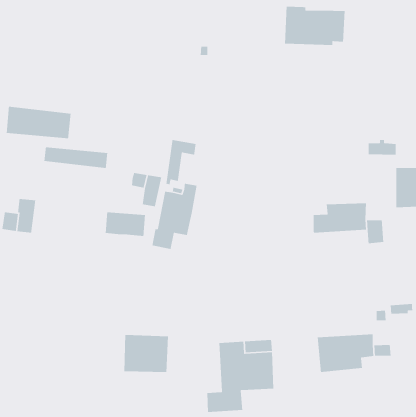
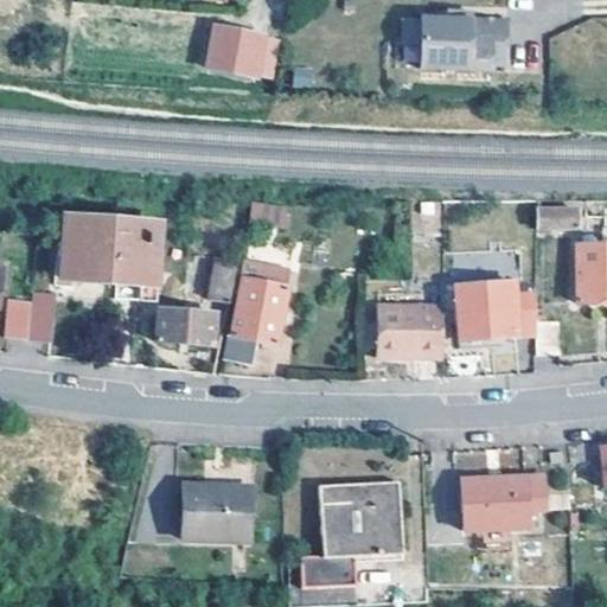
building: none -> [209,25,263,75]
building: [6,106,71,139] -> [63,234,158,282]
building: none -> [376,301,443,353]

